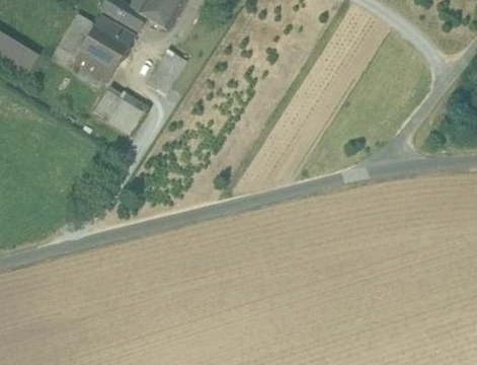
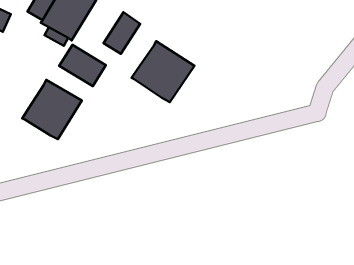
building: none -> [131,41,195,102]
building: none -> [22,80,82,139]

